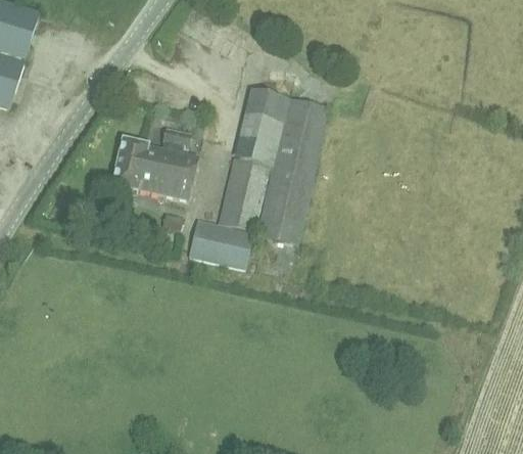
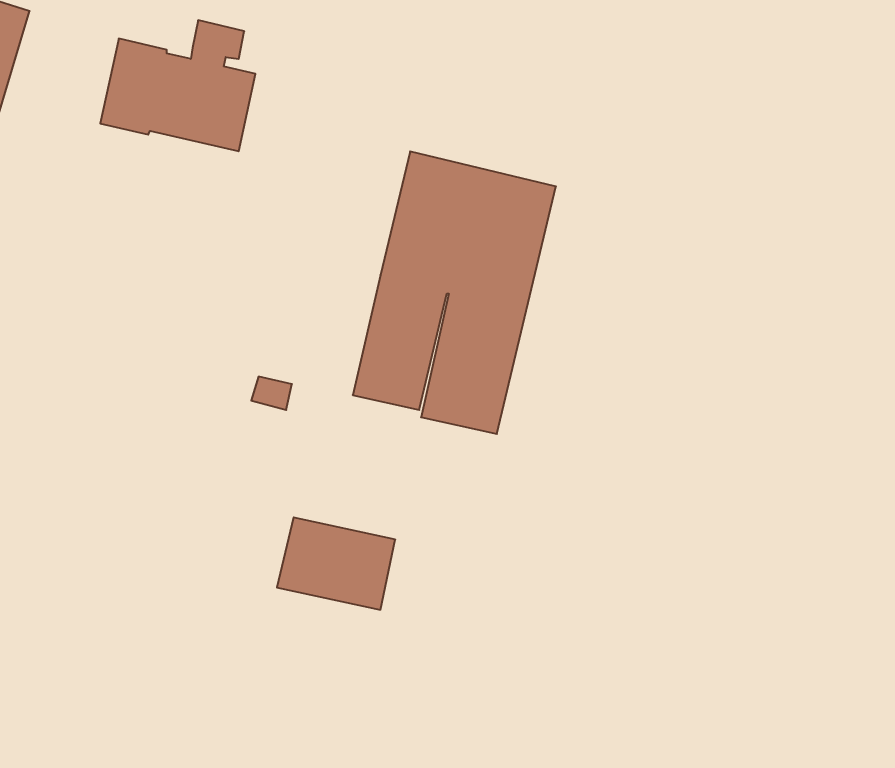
building: [111,126,197,198] -> [100,20,255,151]
building: [188,218,253,269] -> [277,517,395,610]

